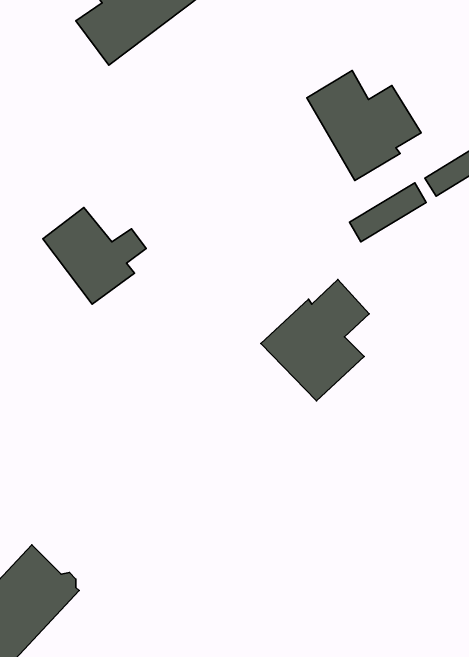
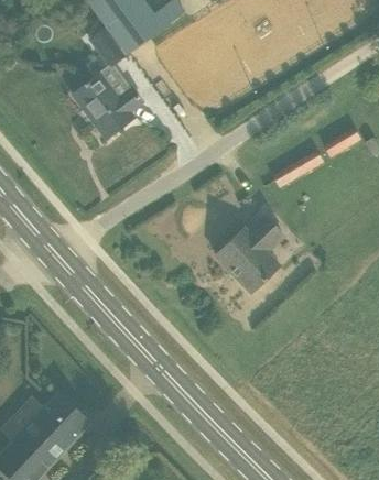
building: [307,71,421,181] -> none
building: [43,208,146,304] -> [73,72,142,137]

